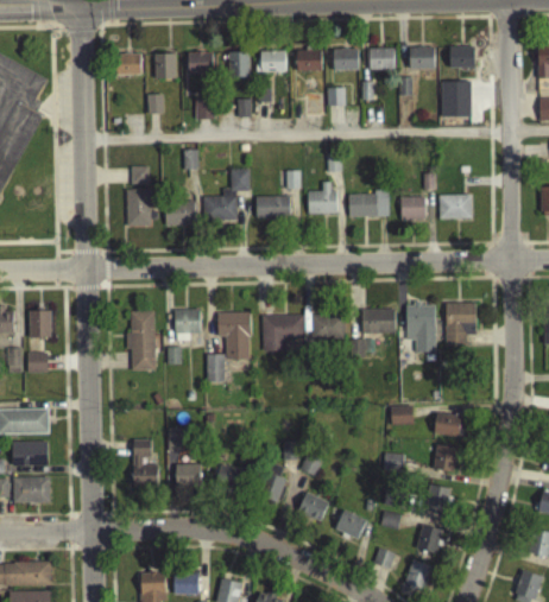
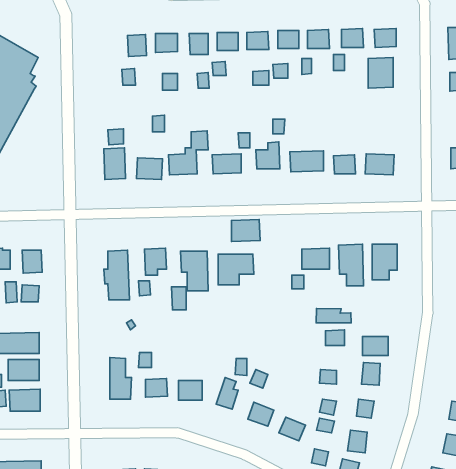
building: [116,52,143,74] -> none
building: [311,312,346,338] -> [231,220,260,242]
building: none -> [316,309,351,323]

